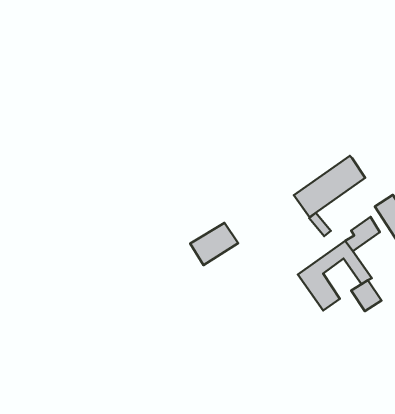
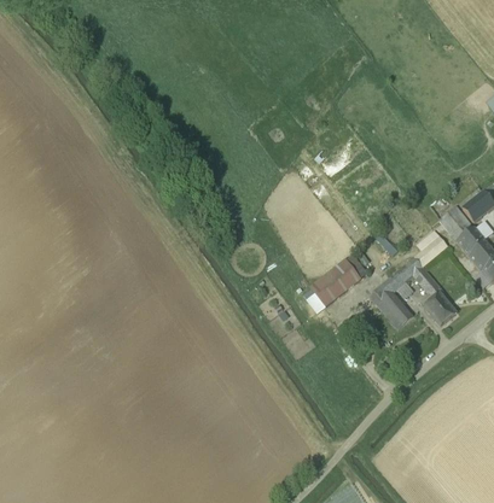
building: [294,156,365,217] -> none
building: [190,223,238,265] -> [316,263,365,308]

